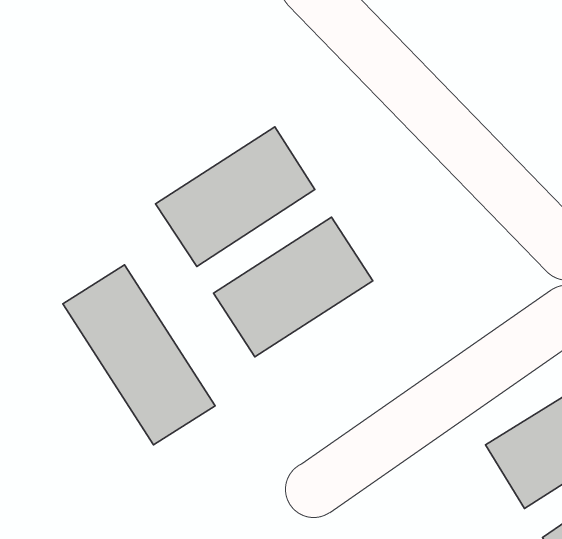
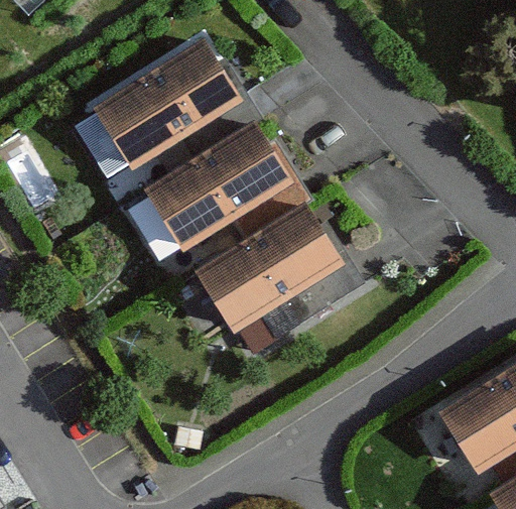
building: none -> [95,43,239,167]
building: [63,265,215,445] -> none

